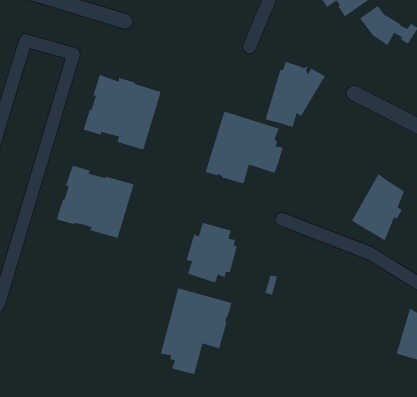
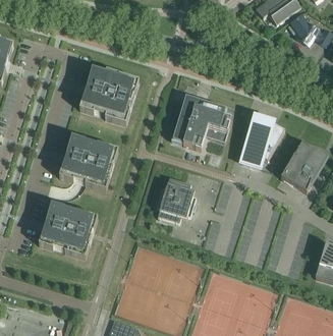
building: [265,61,326,128] -> [238,116,284,166]
building: none -> [38,201,97,256]
building: [160,288,232,375] -> none

